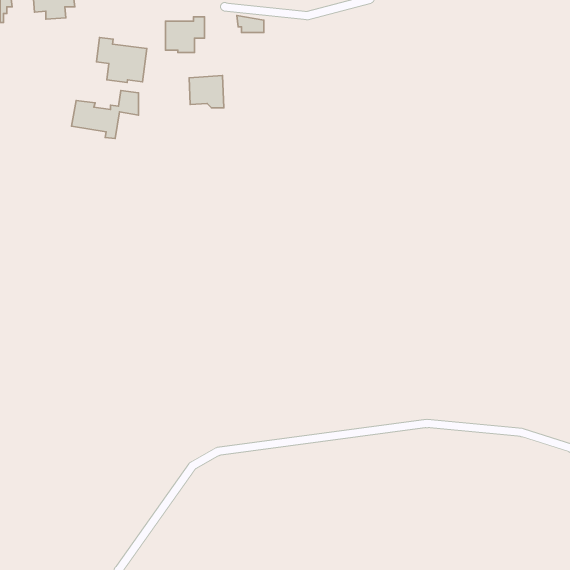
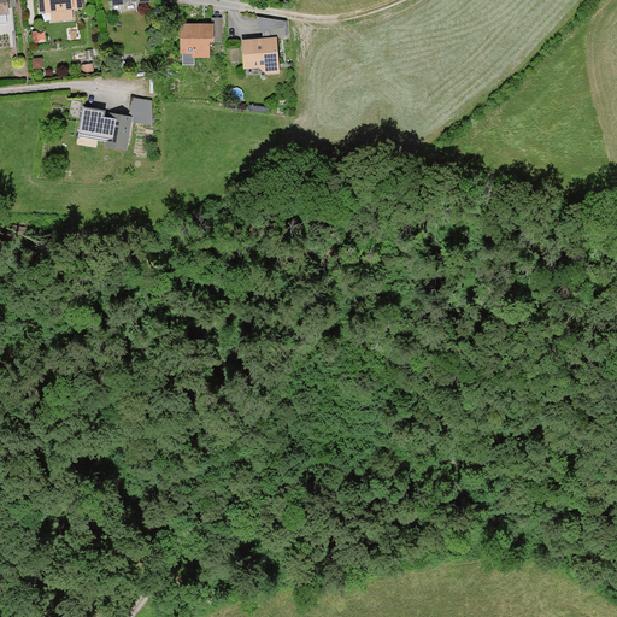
building: [96,38,147,83] -> none
building: [189,75,224,108] -> [241,37,278,72]

